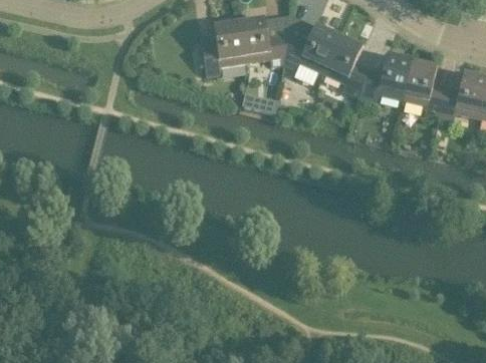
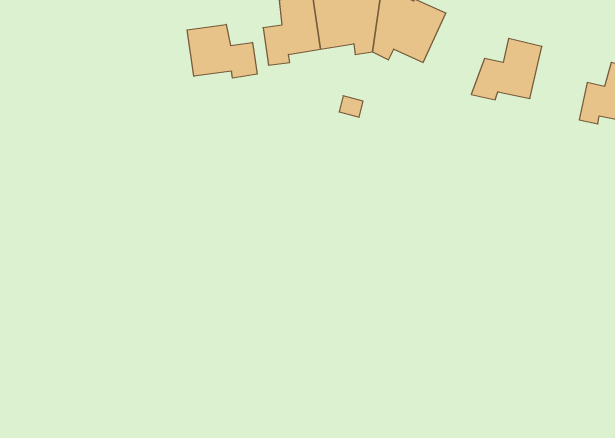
building: [321,33,368,94] -> none
building: none -> [187,24,257,78]
building: [402,58,445,113] -> none

